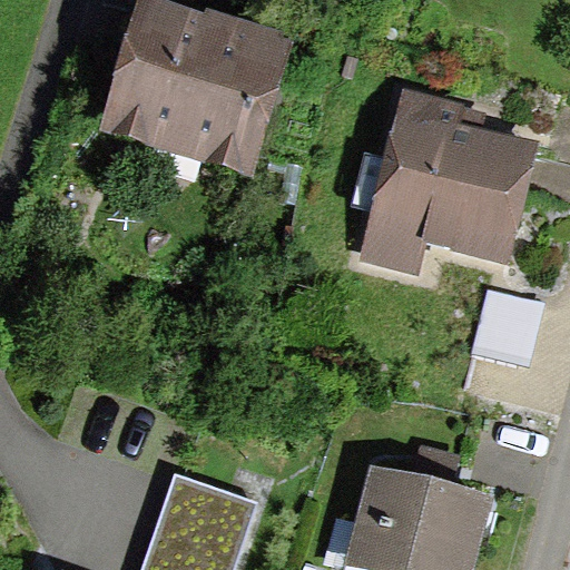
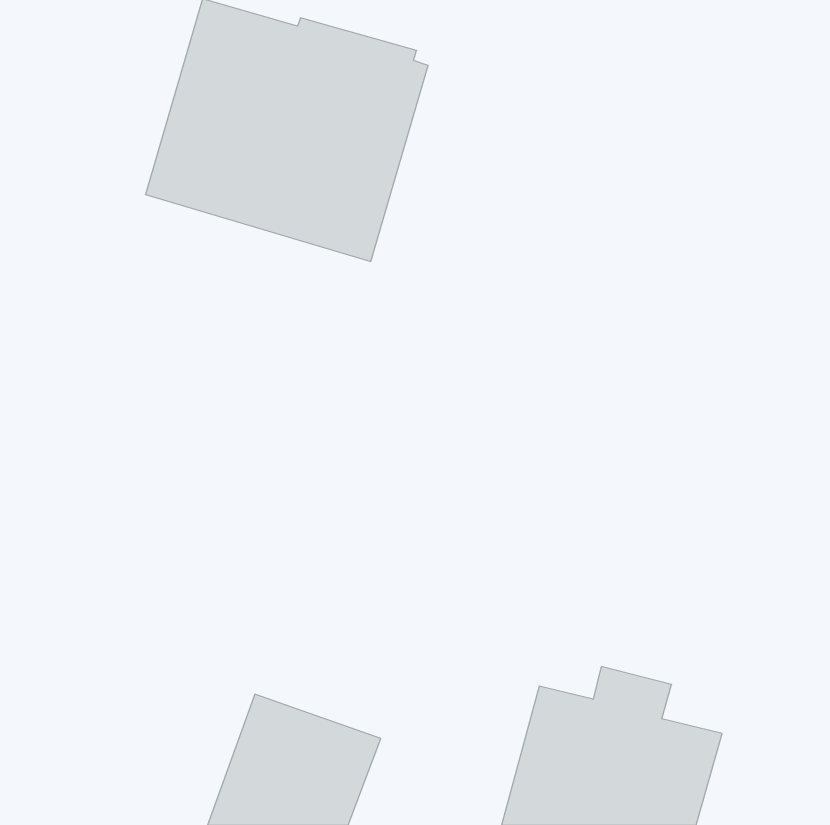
building: [360,88,539,273] -> none
building: [469,287,544,366] -> none

